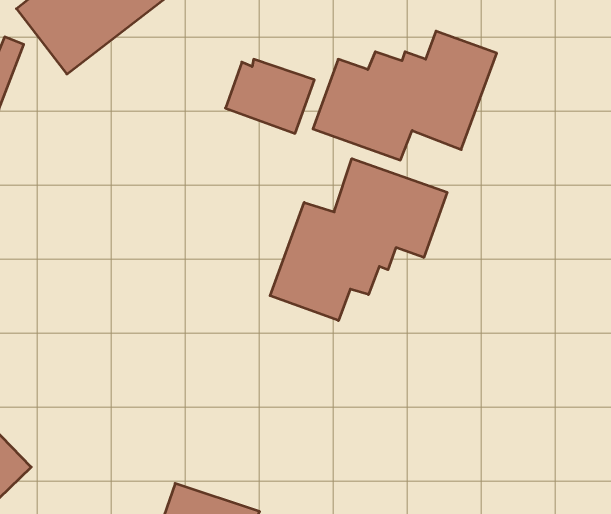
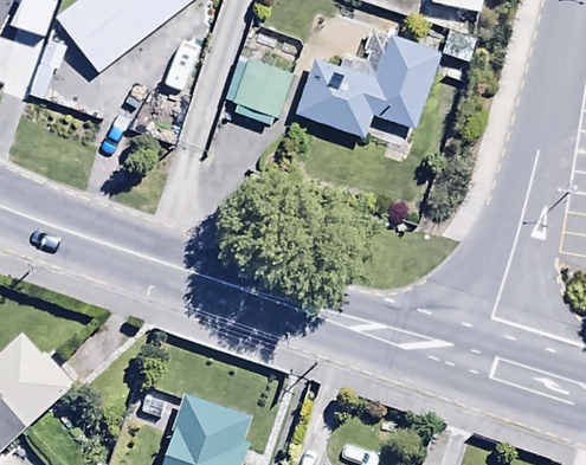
building: [270,159,447,321] -> none

